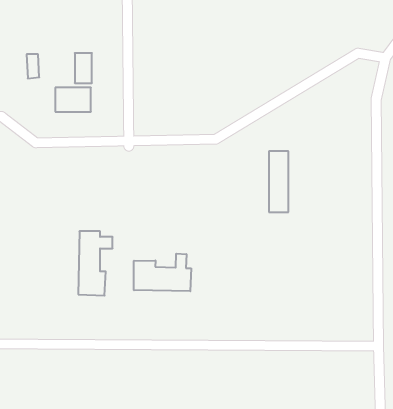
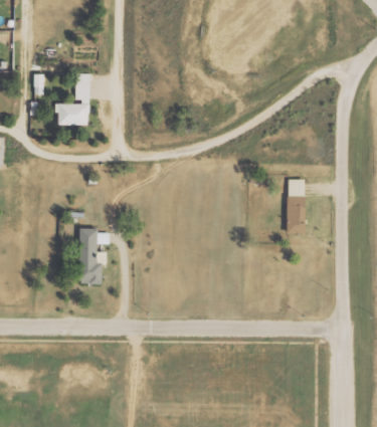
building: [269,151,288,212] -> [288,179,305,232]
building: [134,254,191,291] -> none

